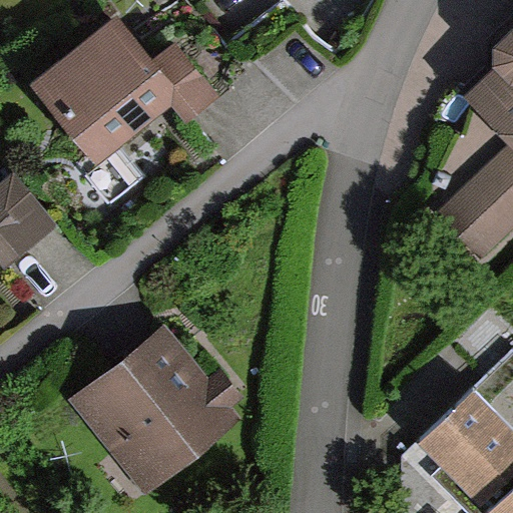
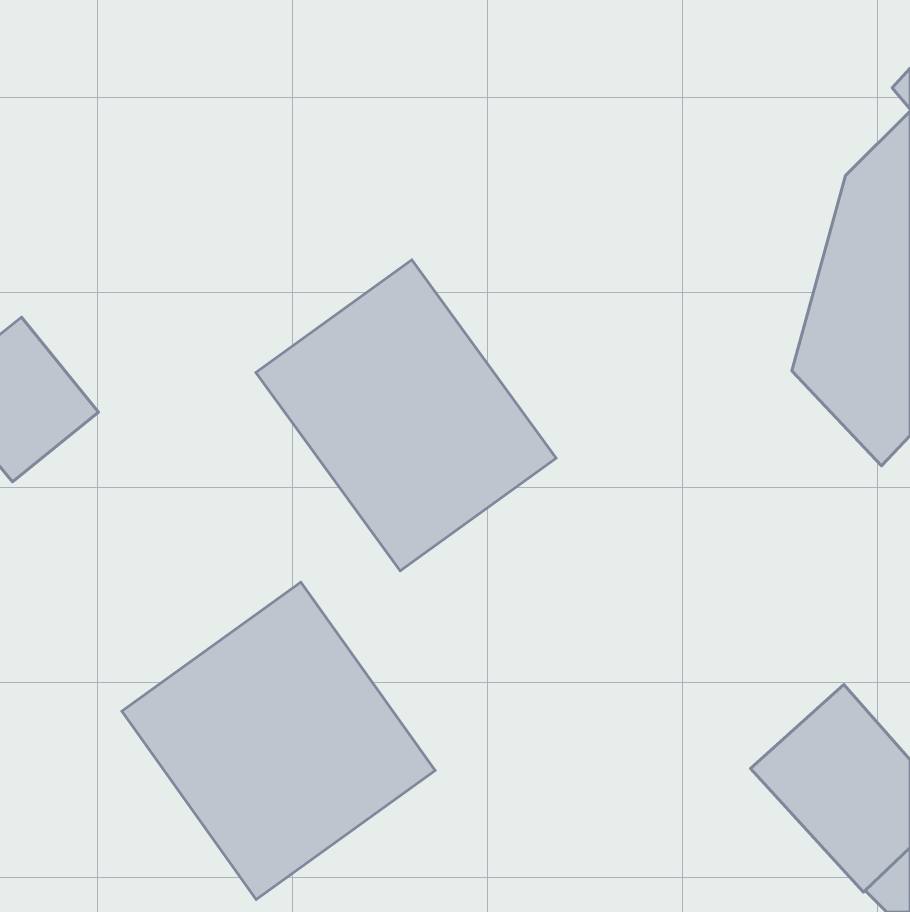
building: [37,13,227,159] -> none
building: none -> [256,260,556,571]

